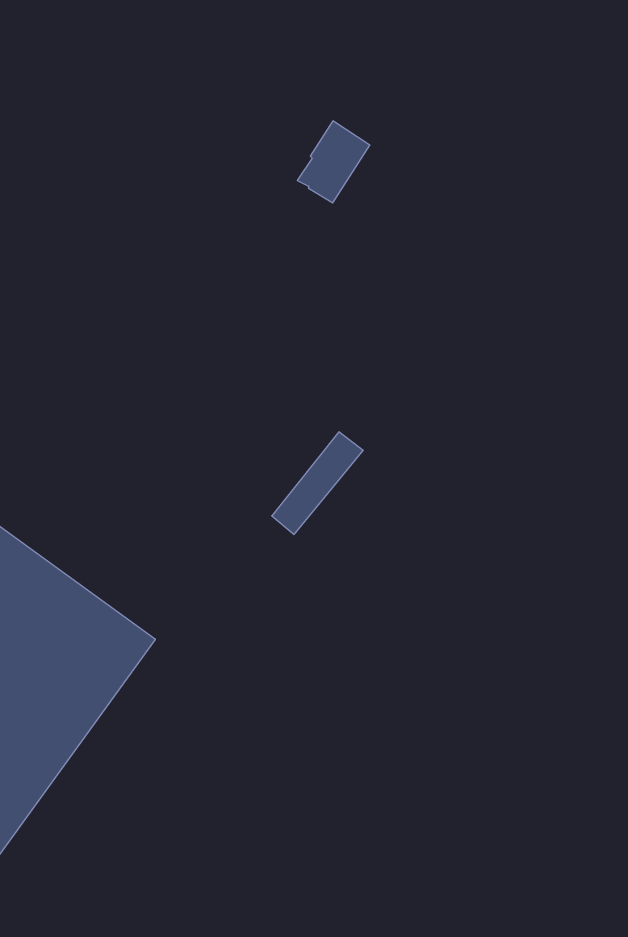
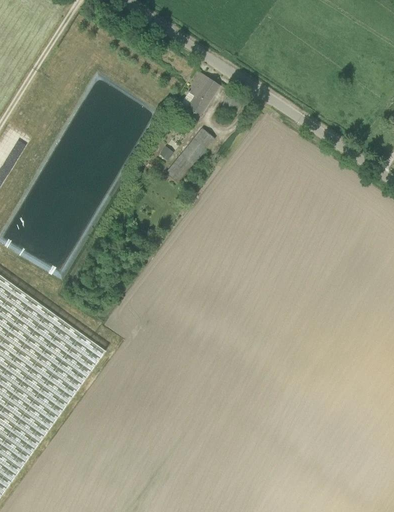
building: [272,432,363,534] -> [165,128,214,183]

